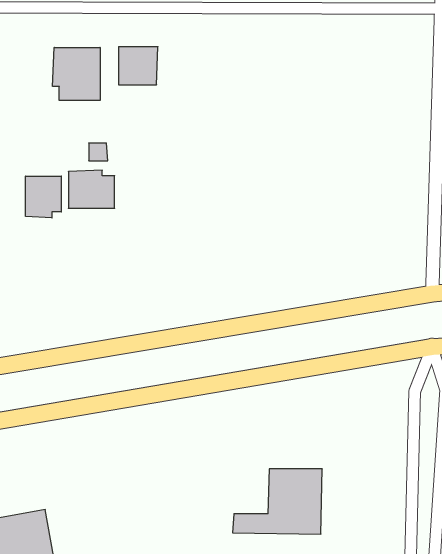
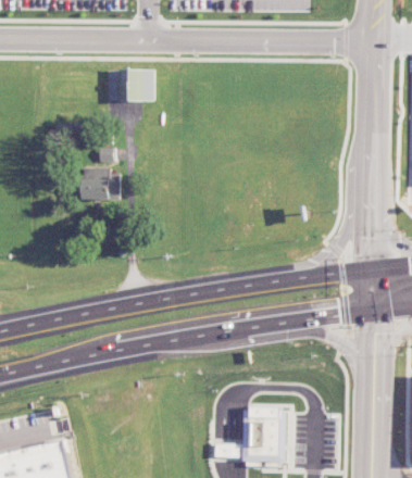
building: [53,47,100,100] -> none
building: [26,176,61,218] -> none

